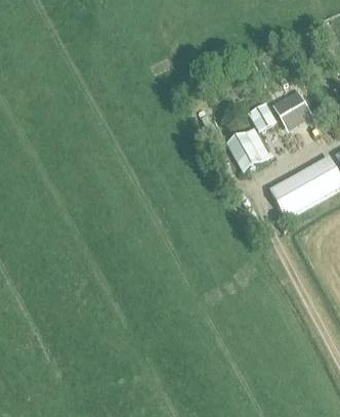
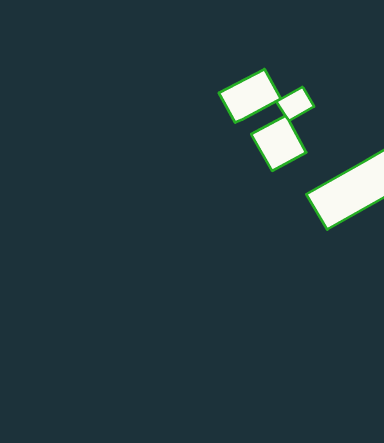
building: [271,89,308,124] -> none
building: none -> [219,69,281,123]

